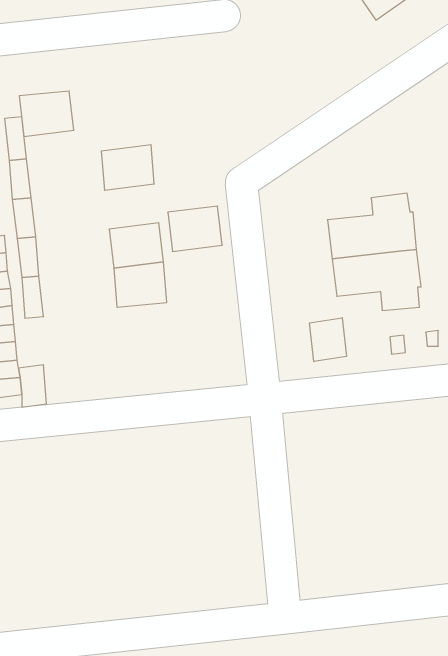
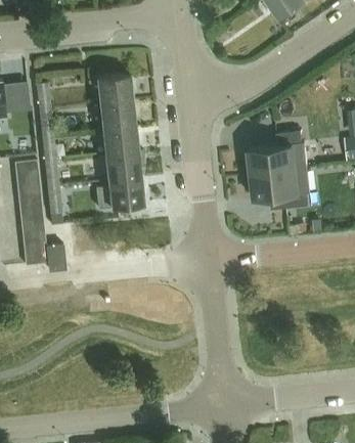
building: [19,91,74,136] -> [96,74,132,103]
building: [168,206,222,251] -> [101,125,137,154]
building: [309,318,347,362] -> none

